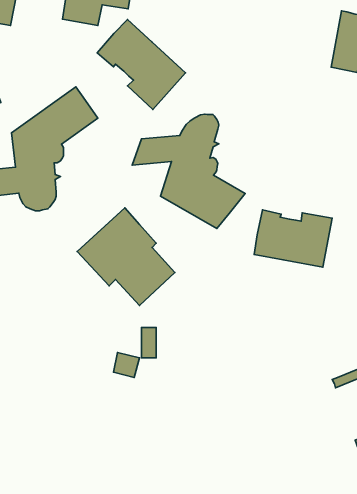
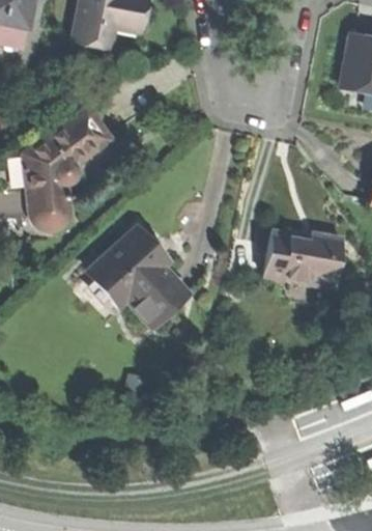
building: [97,19,186,109] -> none
building: [132,114,245,229] -> none

